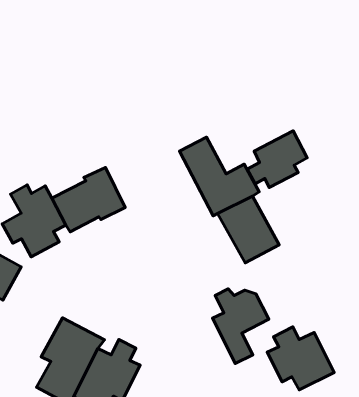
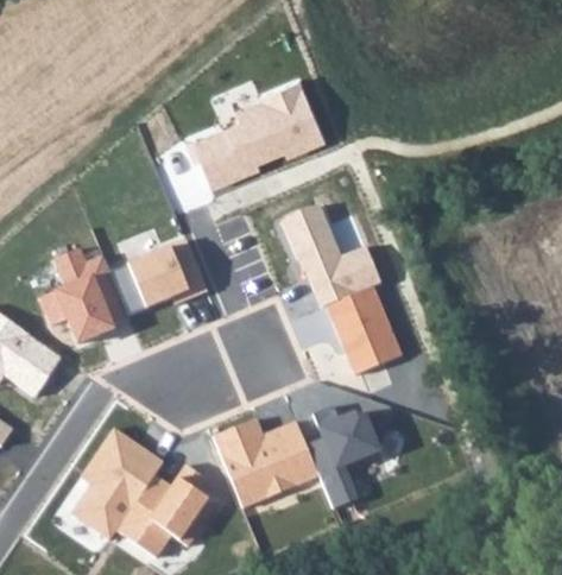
building: none -> [194,76,324,188]
building: [247,131,307,188] -> none
building: none -> [216,421,321,506]
building: [267,327,334,390] -> none

